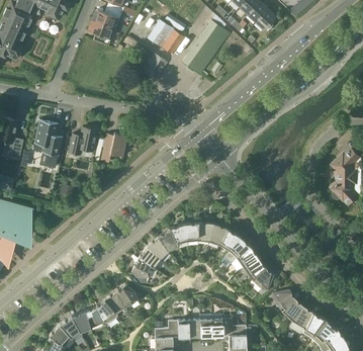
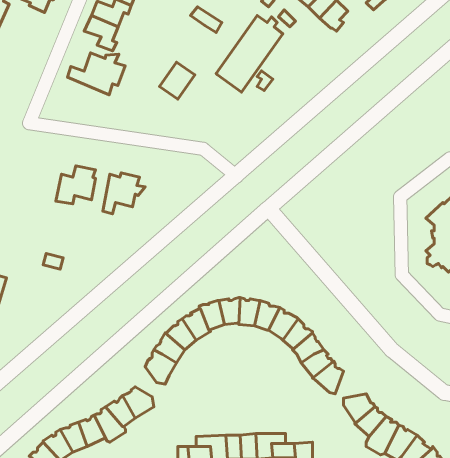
building: [147,20,184,55] -> none
building: none -> [67,53,125,95]
building: [32,119,62,166] -> none

